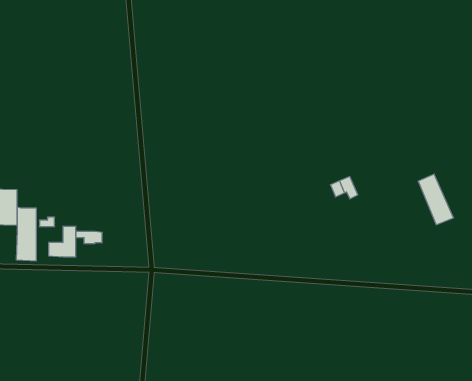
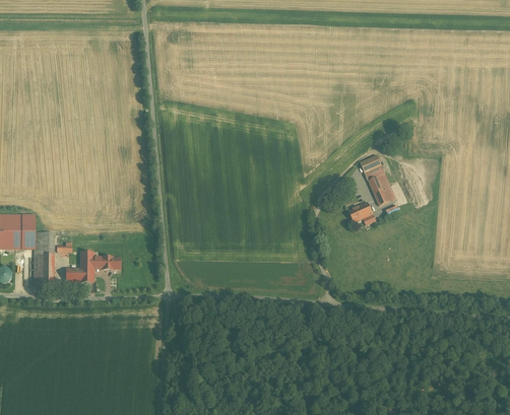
building: [418,174,454,225] -> [361,155,396,206]

